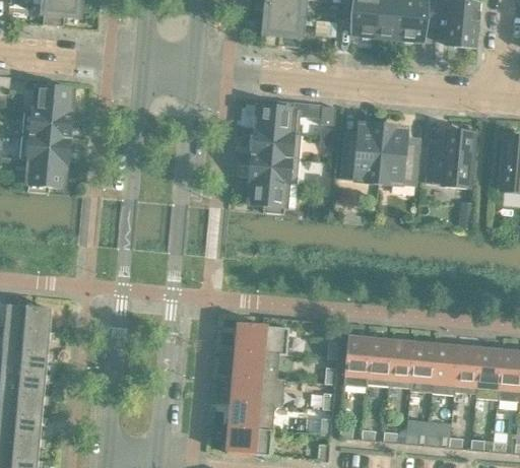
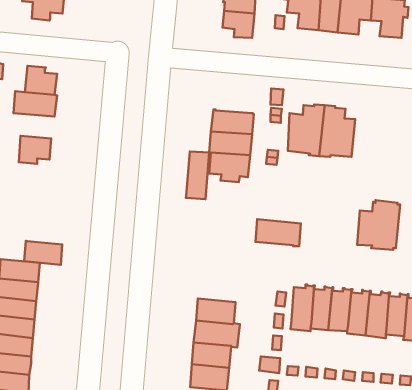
building: [255,99,300,133] -> none
building: [425,129,474,187] -> [357,200,400,250]
building: [18,133,68,162] -> none
building: none -> [186,151,209,199]
building: none -> [24,241,62,265]
building: [235,322,287,353] -> [256,219,301,246]

